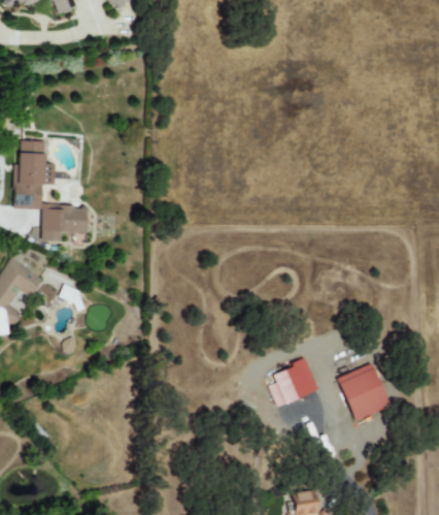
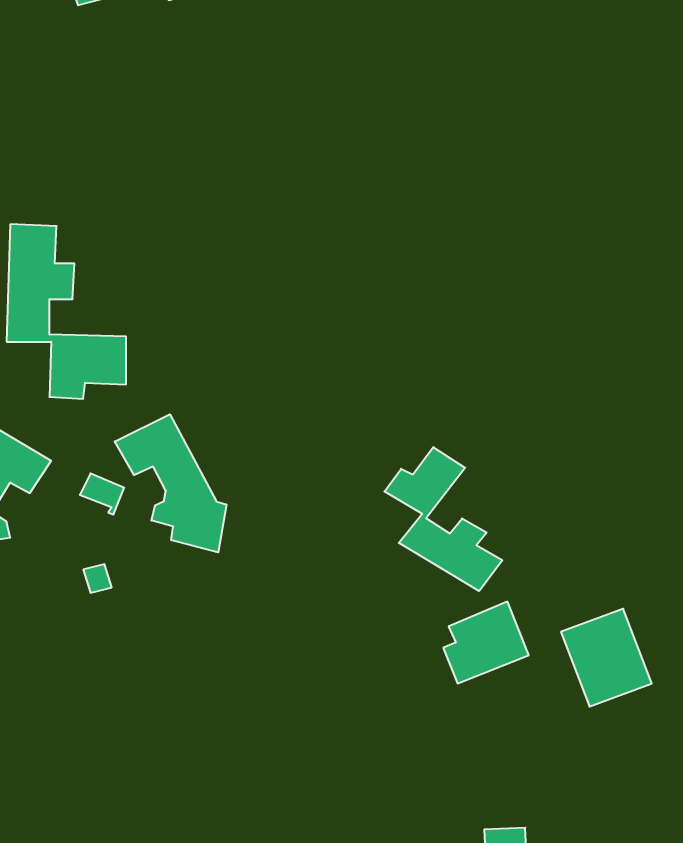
building: none -> [115,414,226,552]
building: none -> [384,447,502,591]

